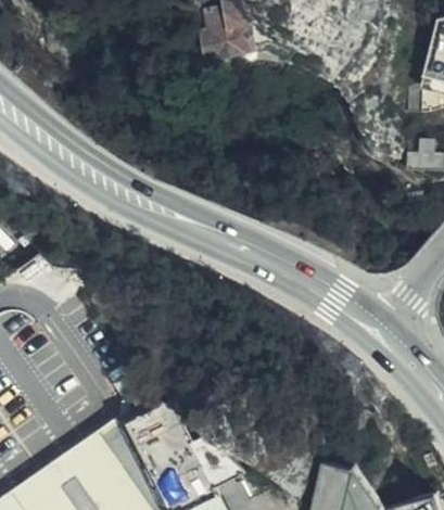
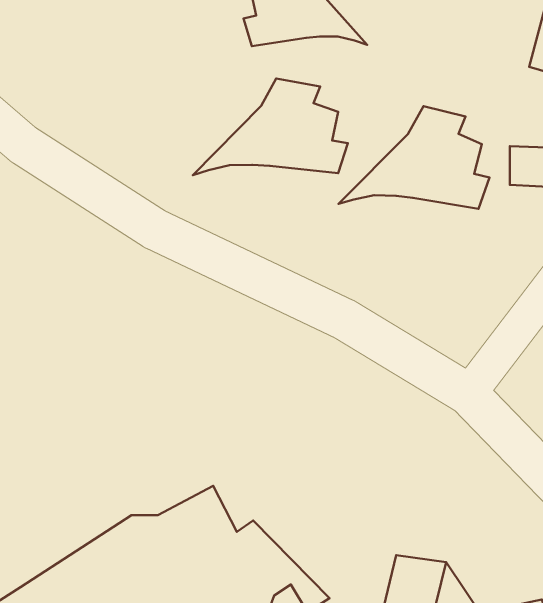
building: none -> [193,79,348,175]
building: none -> [339,106,489,209]

